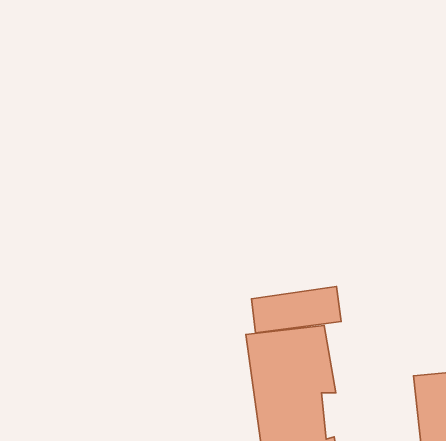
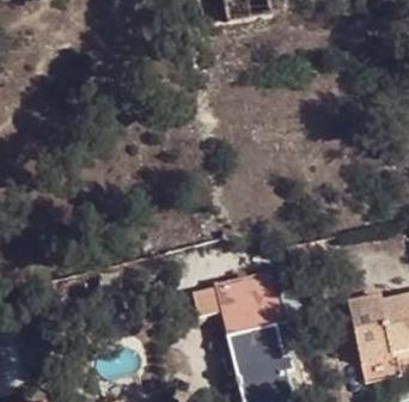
building: [251,287,341,333] -> none

